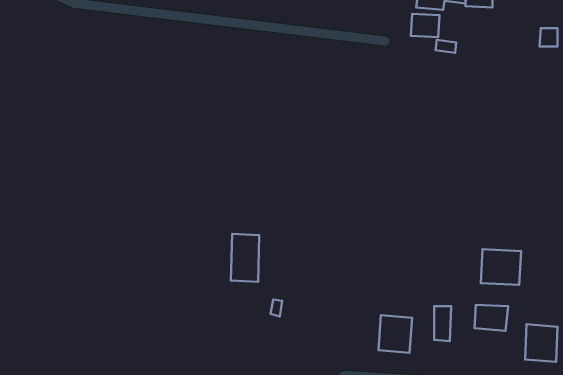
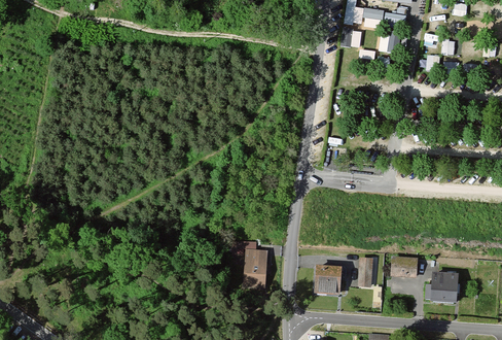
building: [231,234,259,282] -> [244,249,266,287]
building: [481,249,521,285] -> none

